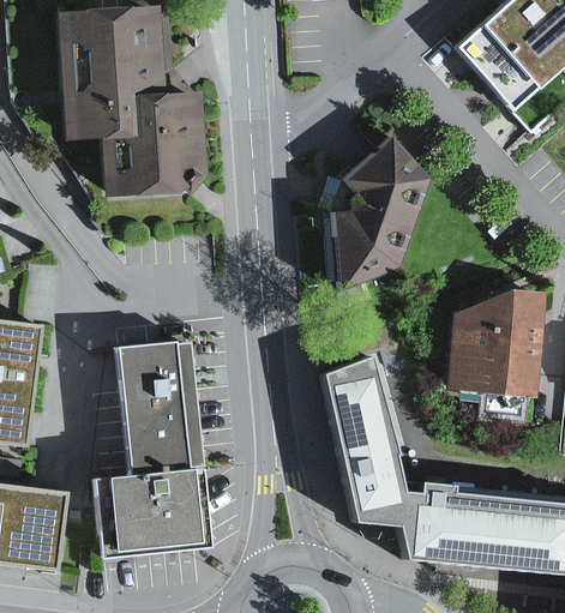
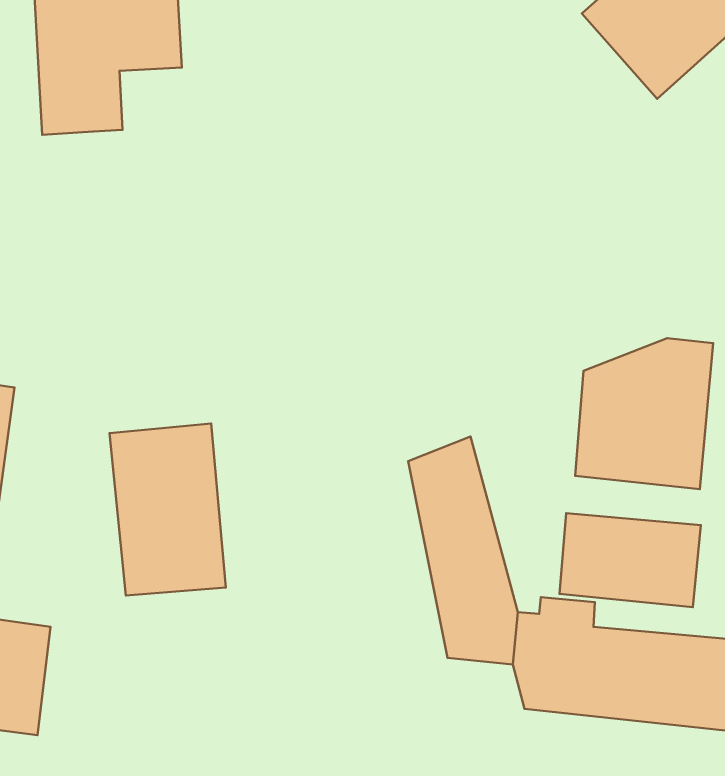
building: [102,86,204,203] -> none
building: [323,136,419,281] -> none
building: none -> [560,513,701,607]
building: [91,468,208,557] -> none

